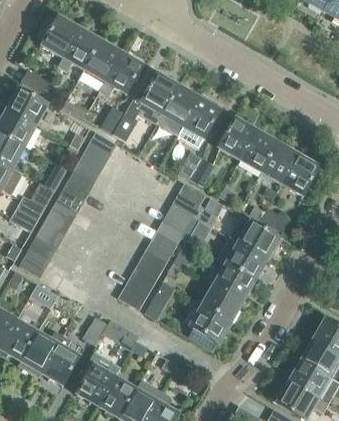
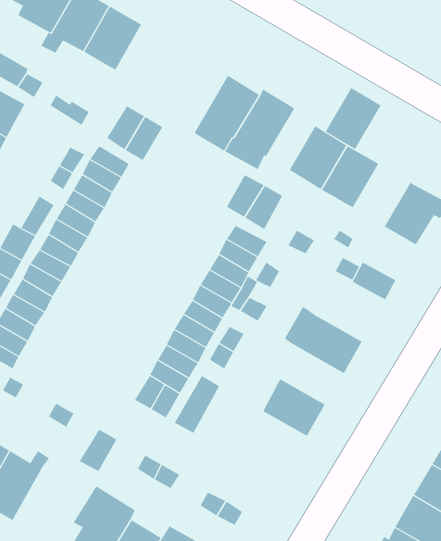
building: [99,52,144,96] -> none
building: [136,73,179,123] -> none
building: [261,143,298,184] -> [325,87,381,150]
building: [228,215,279,259] -> none
building: [204,260,255,300] -> none
building: [189,300,231,350] -> none
building: [41,335,80,385] -> none

